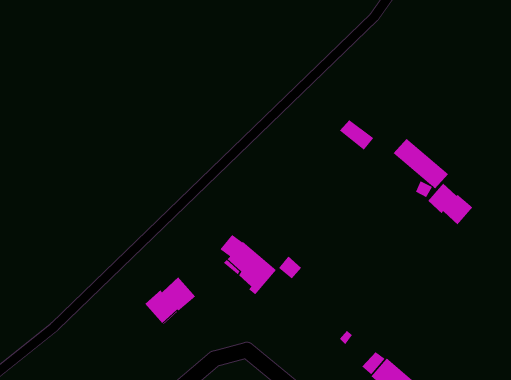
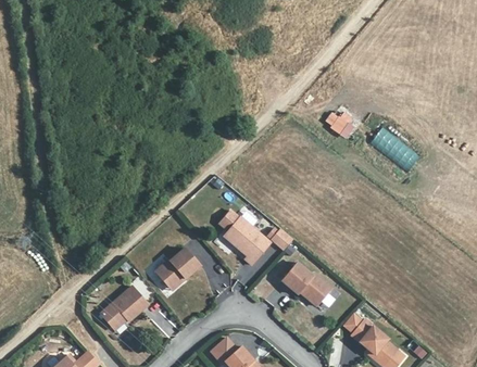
building: [427,183,473,225] -> none
building: none -> [283,262,331,306]
building: none -> [101,287,149,331]

